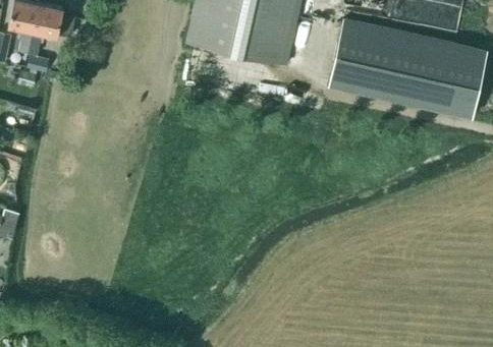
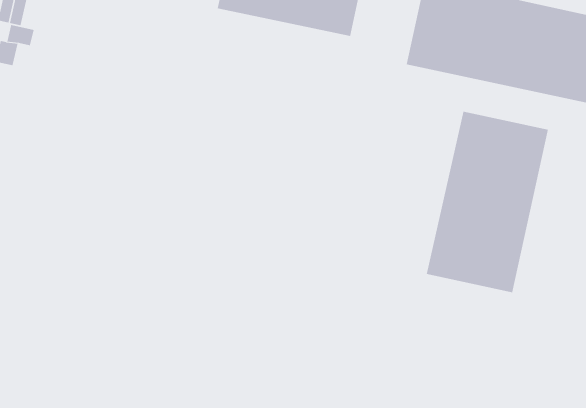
building: none -> [426,111,548,293]

